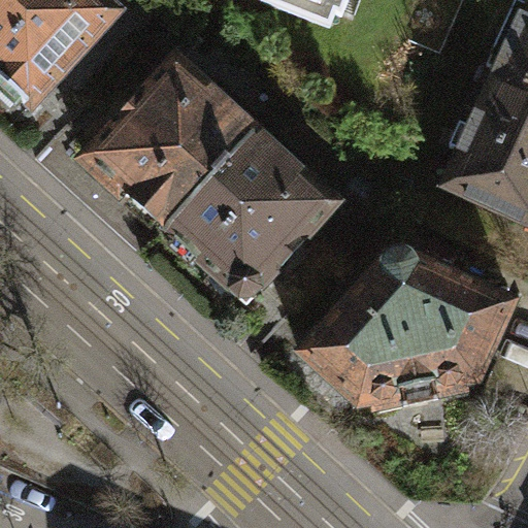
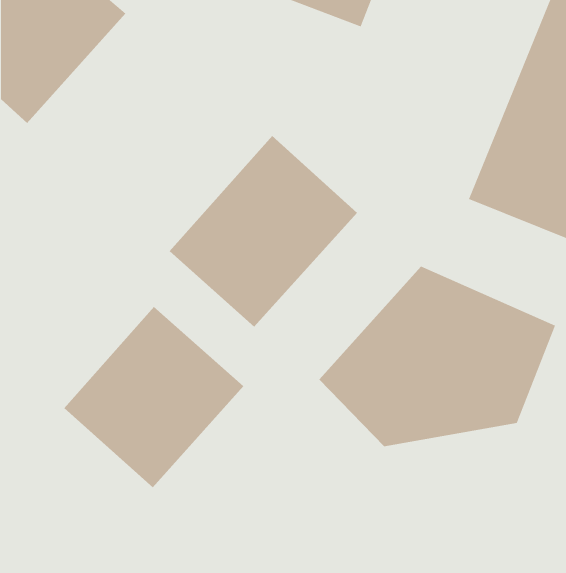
building: [82,53,258,230] -> none
building: none -> [64,306,244,488]

